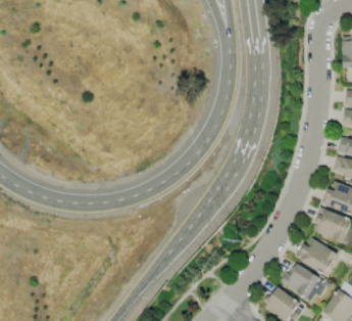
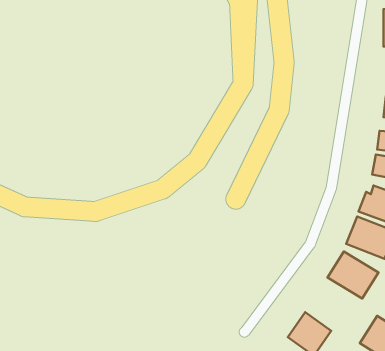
building: [282,263,330,303] -> none

